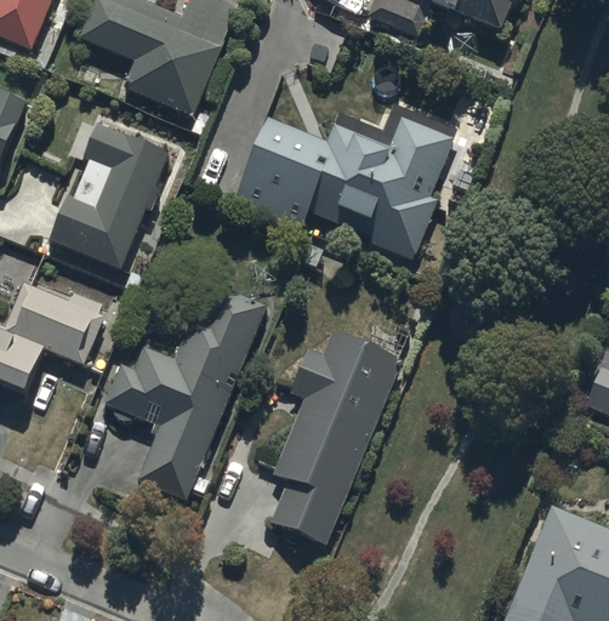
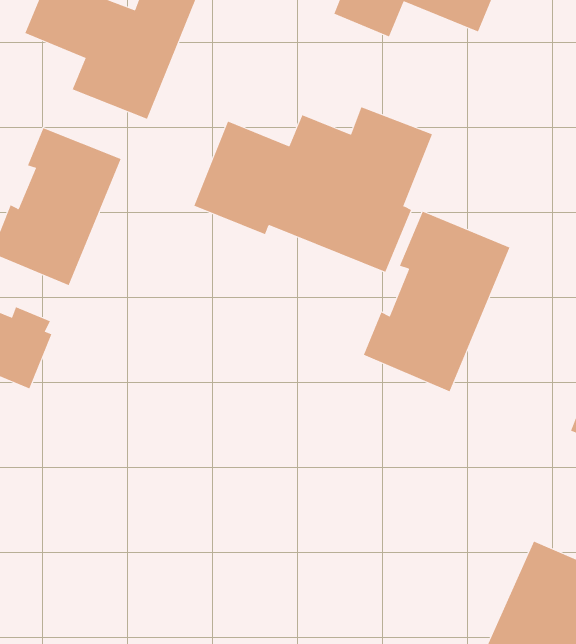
building: none -> [363,211,510,392]
building: [104,283,269,502] -> none
building: [272,329,403,543] -> none

